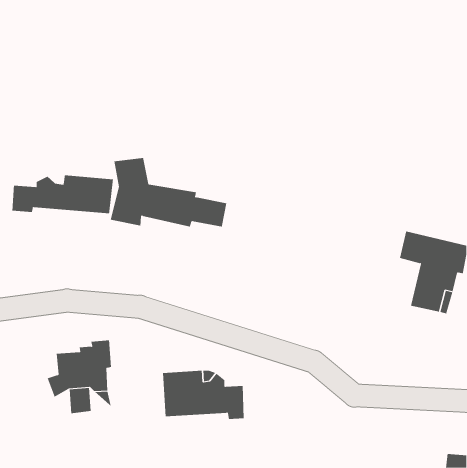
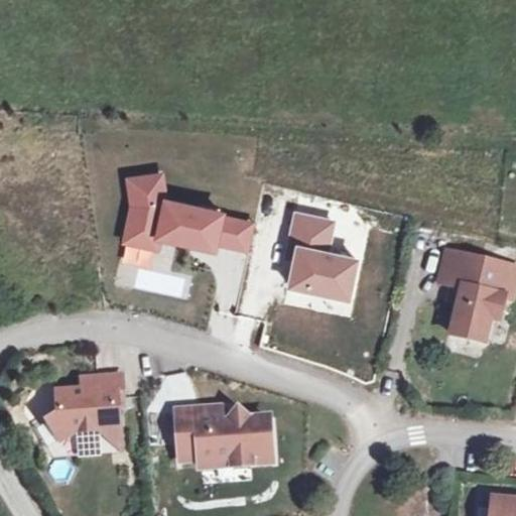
building: [12,175,114,214] -> none
building: none -> [281,211,350,295]

